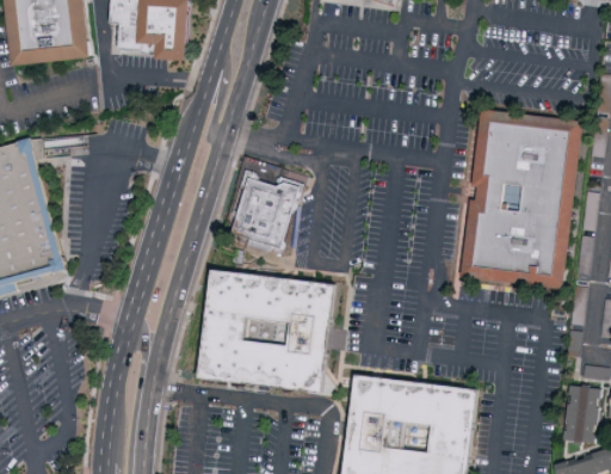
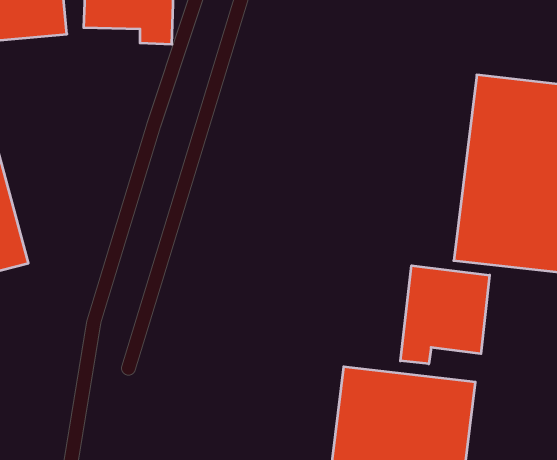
building: [227,164,300,250] -> none
building: [197,270,331,392] -> none
building: none -> [400,266,490,364]

